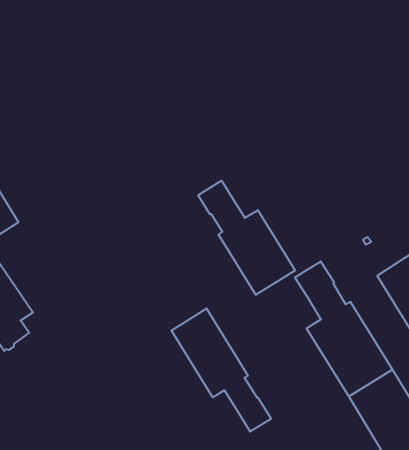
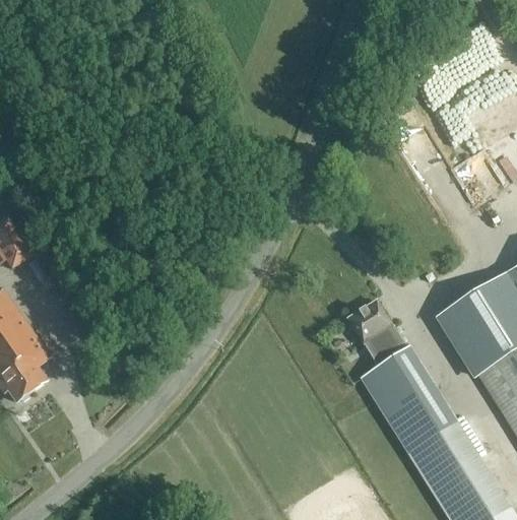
building: [198,181,295,295] -> none
building: [171,308,271,432] -> none

